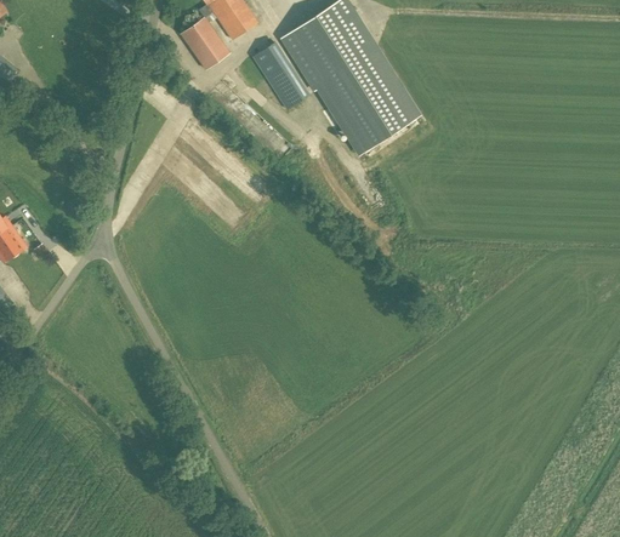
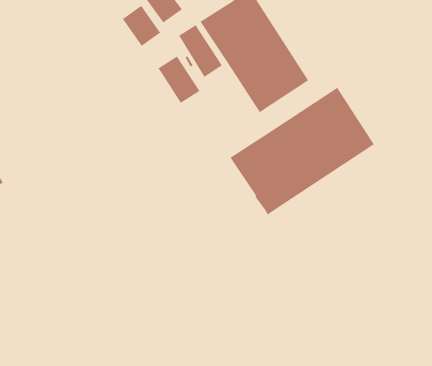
building: none -> [157,55,201,104]
building: none -> [229,87,375,215]

